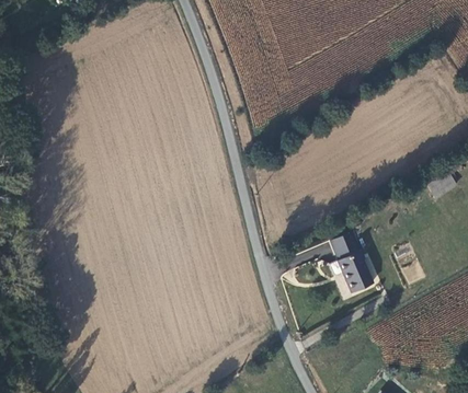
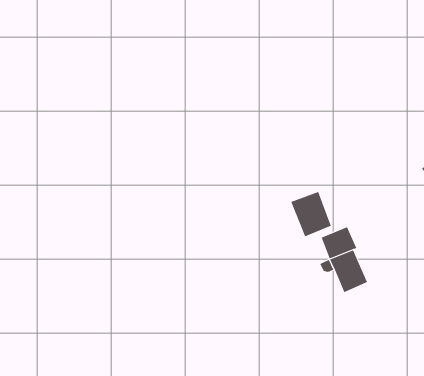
building: none -> [291,191,332,237]

